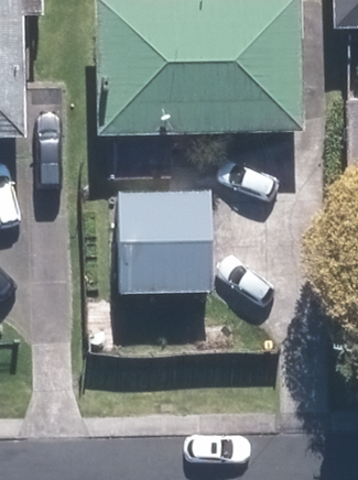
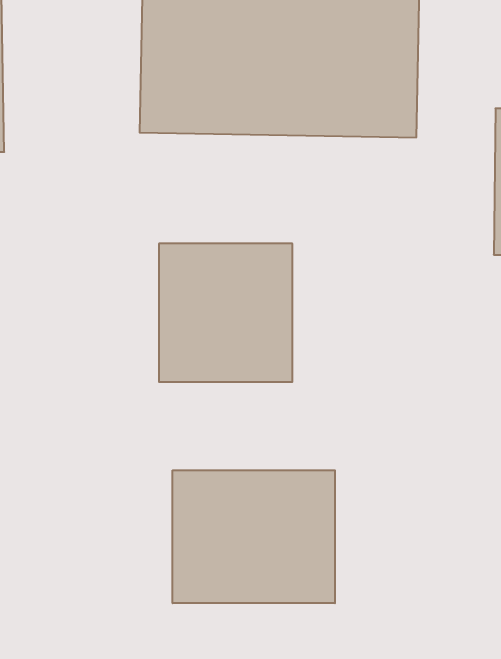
building: none -> [173,470,335,603]

